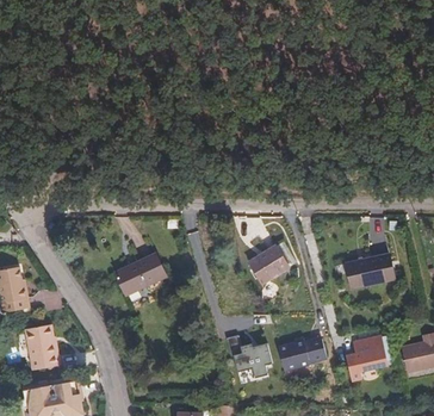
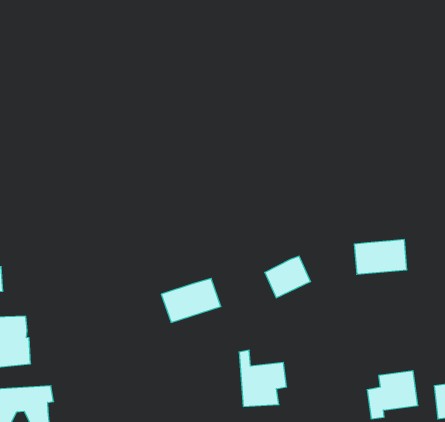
building: [114,255,166,296] -> [161,278,221,322]
building: [346,255,392,288] -> [354,240,407,274]
building: [280,331,333,371] -> none

